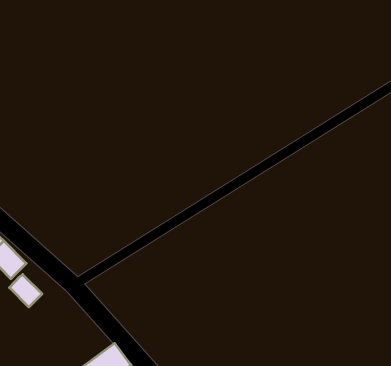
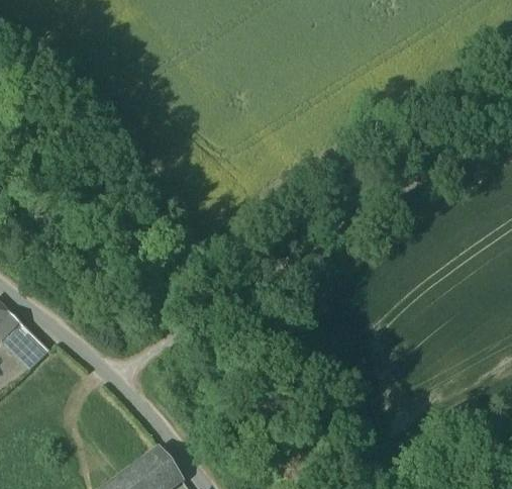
building: [9,274,42,307] -> none

